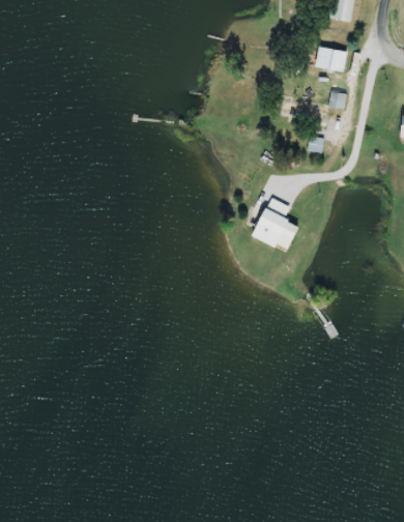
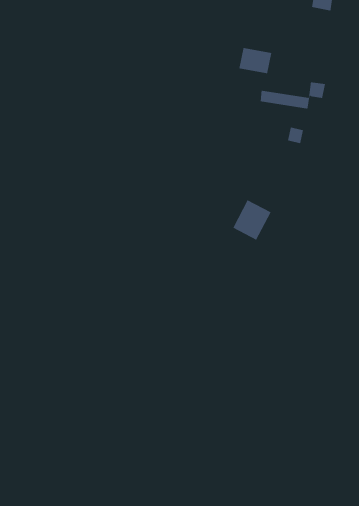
building: [315,46,348,71] -> [239,48,272,74]

